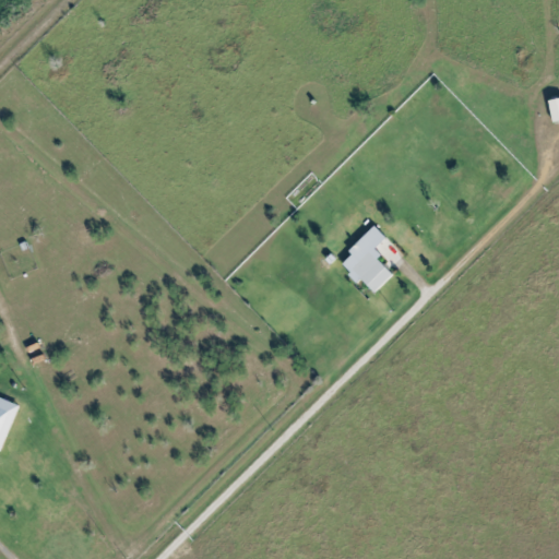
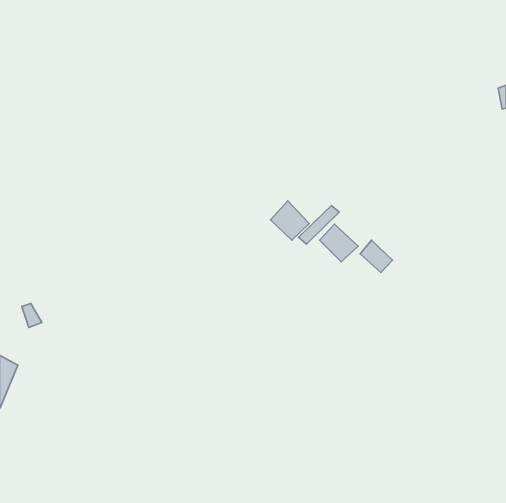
building: none -> [270,201,309,240]
building: none -> [360,240,392,272]

